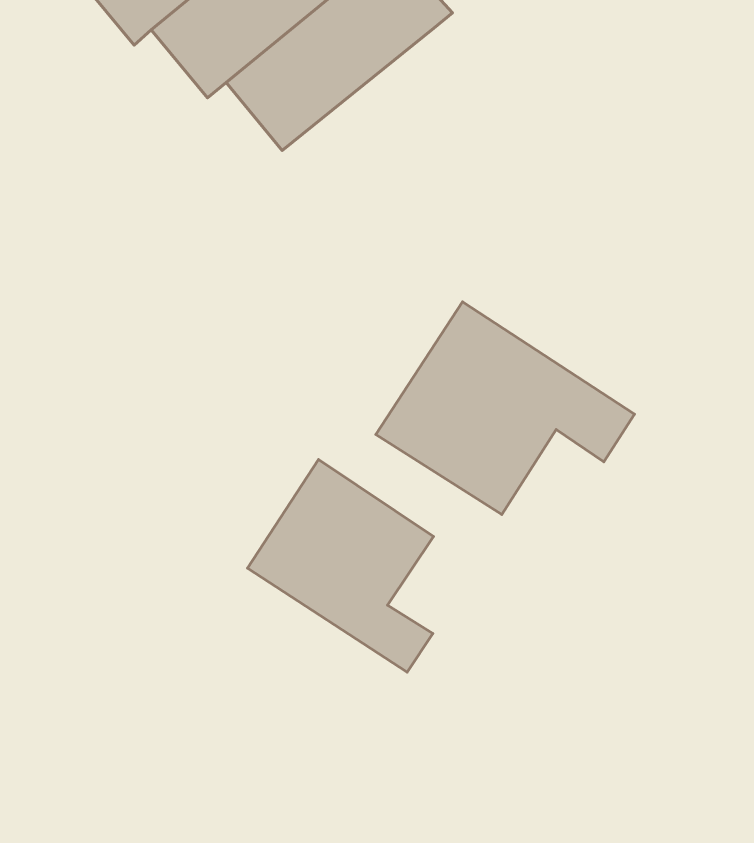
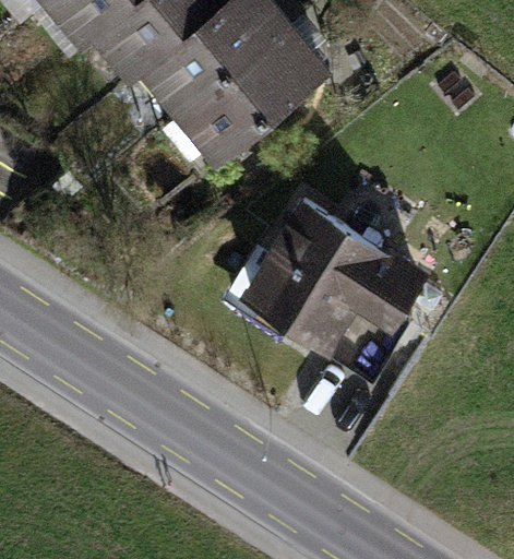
building: none -> [182,34,316,158]
building: [248,460,434,672] -> none

